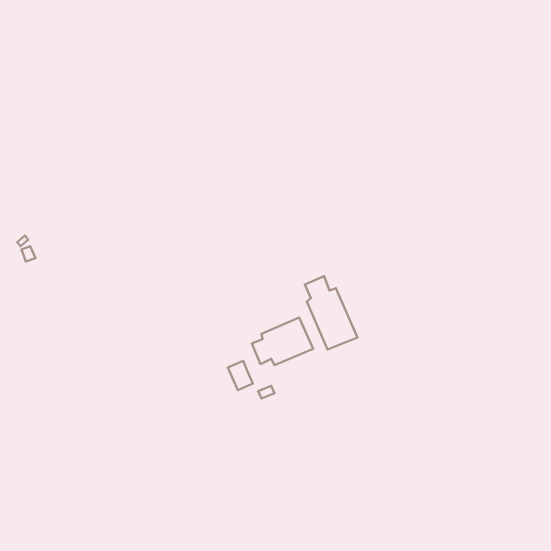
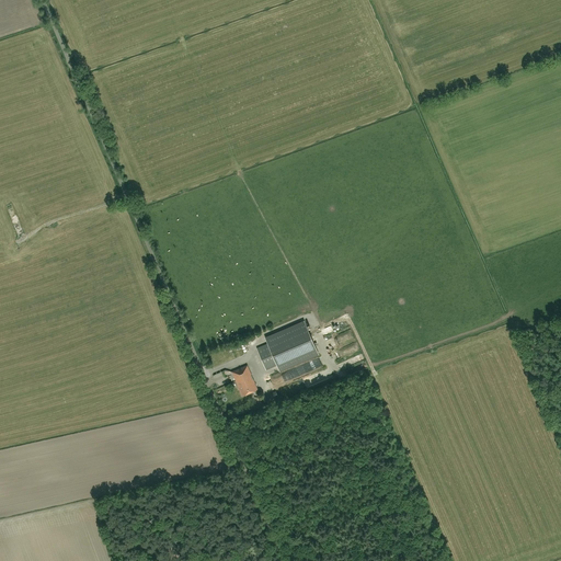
building: [305,276,357,350] -> none

